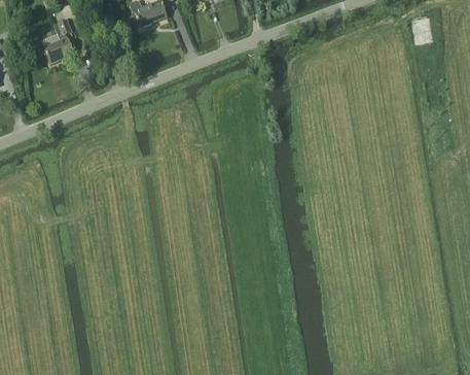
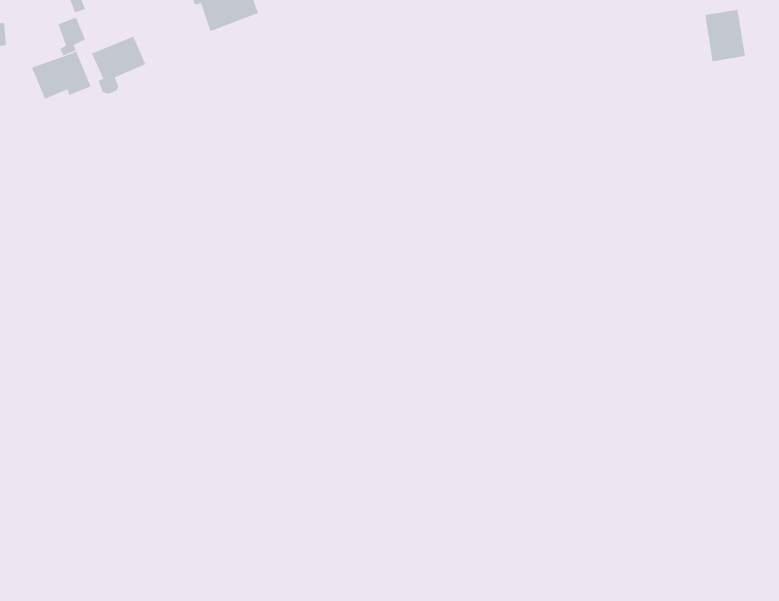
building: none -> [91,36,146,95]

